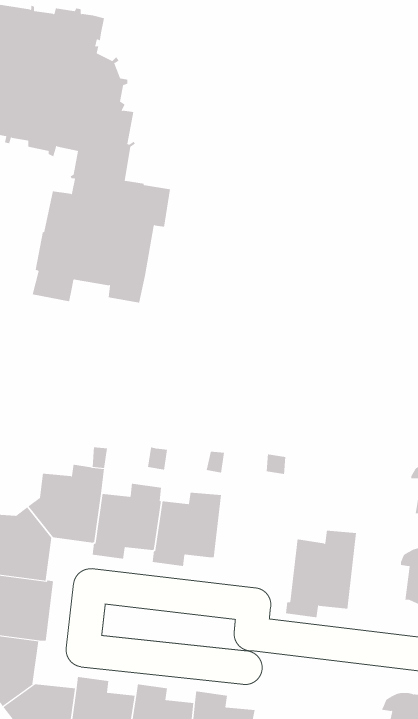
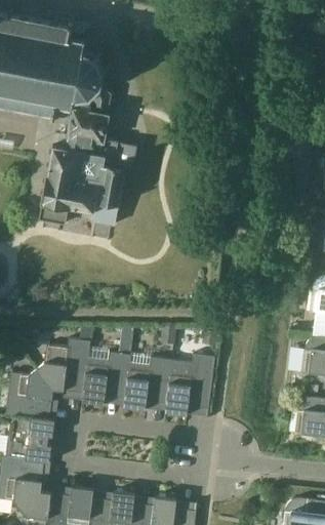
building: [285,530,357,618] -> [164,355,214,416]

